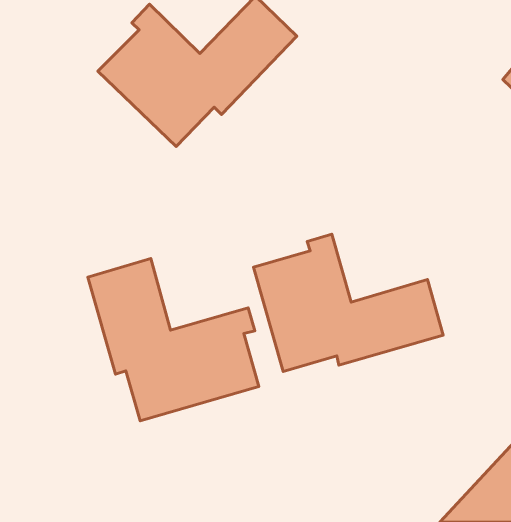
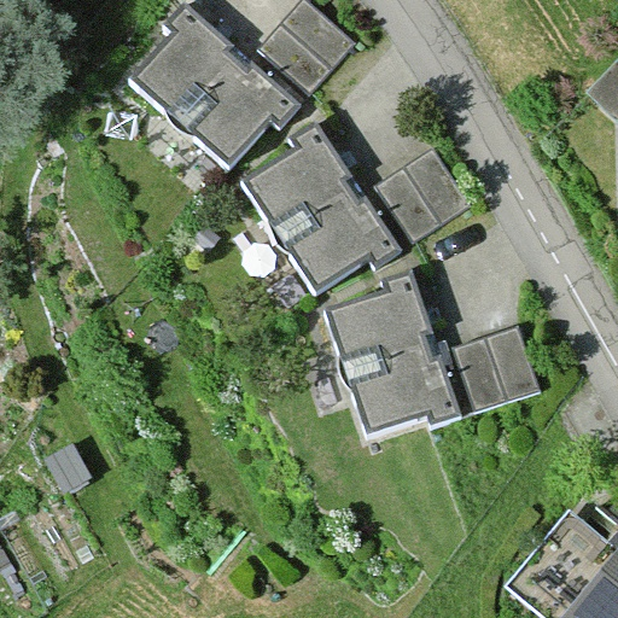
building: none -> [240,124,476,293]
building: [88,259,259,421] -> none

